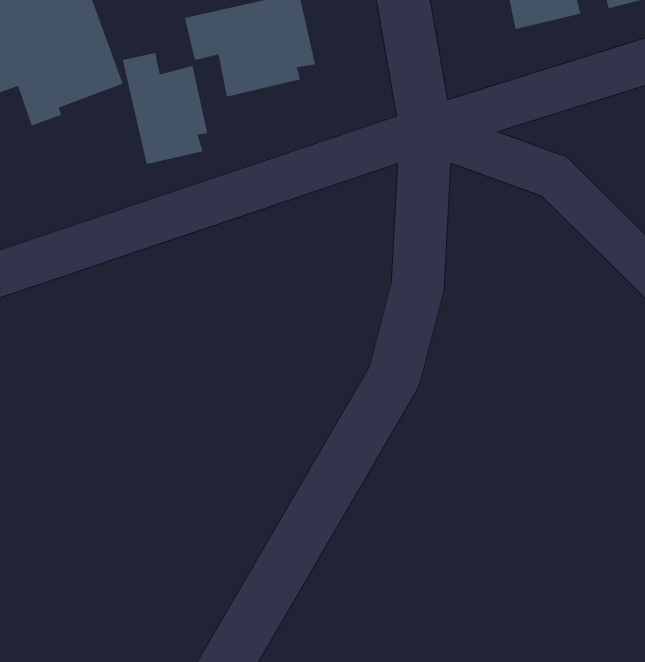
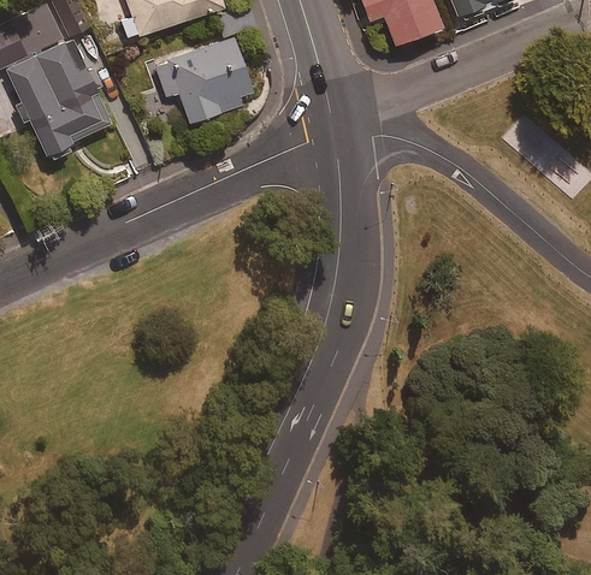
building: [122,52,208,165] -> none

